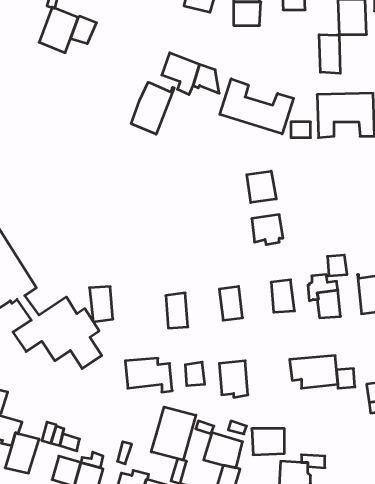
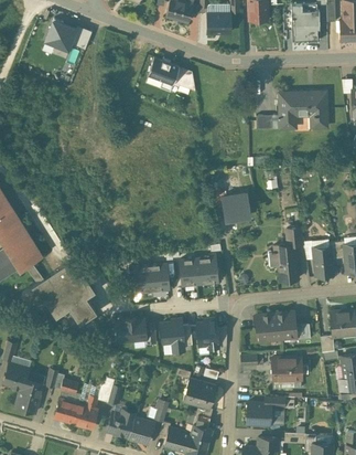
building: [319,34,340,73] -> none
building: [220,79,294,134] -> none
building: [131,82,174,134] -> none
building: [247,171,276,203] -> none
building: [271,280,295,312] -> [179,256,198,284]
building: [89,287,113,322] -> [132,262,152,292]
building: [151,407,196,460] -> none
building: [252,429,284,455] -> [272,358,300,380]

